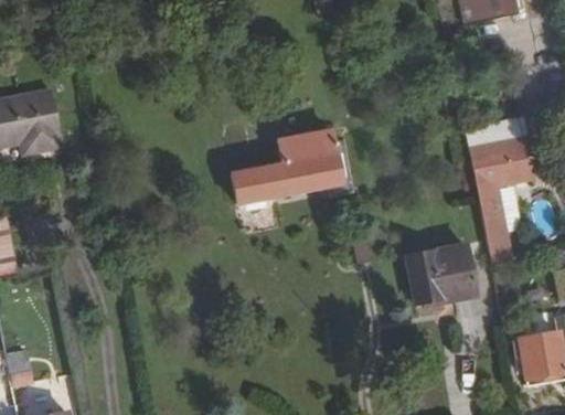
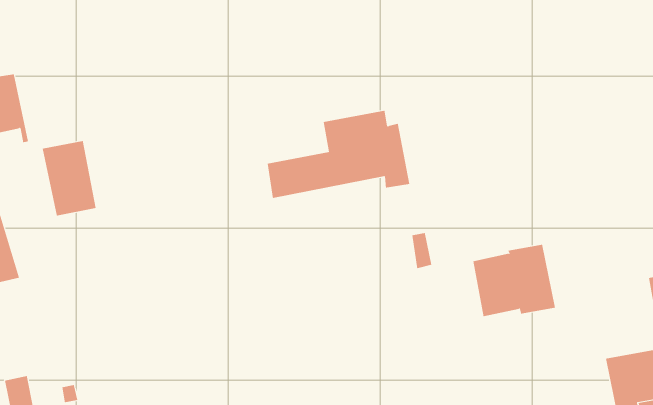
building: [17,91,63,155] -> [42,141,96,216]
building: [469,138,534,264] -> none

